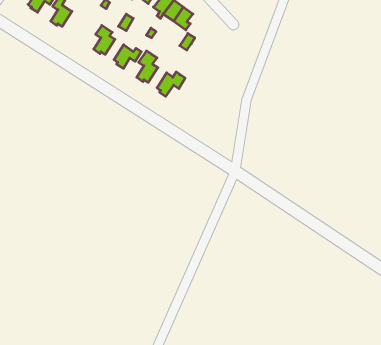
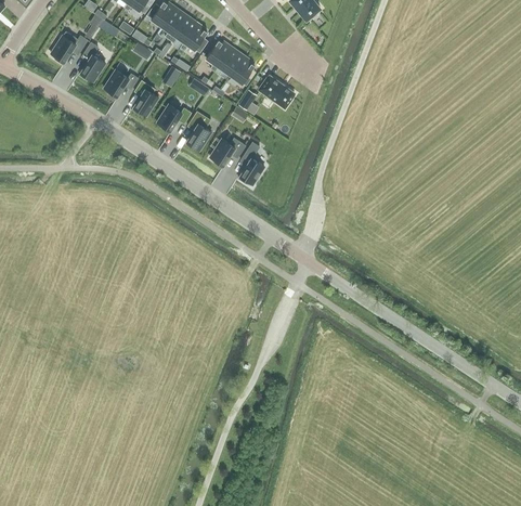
building: none -> [104,68,138,98]
building: none -> [259,75,295,106]
building: none -> [238,141,264,184]

